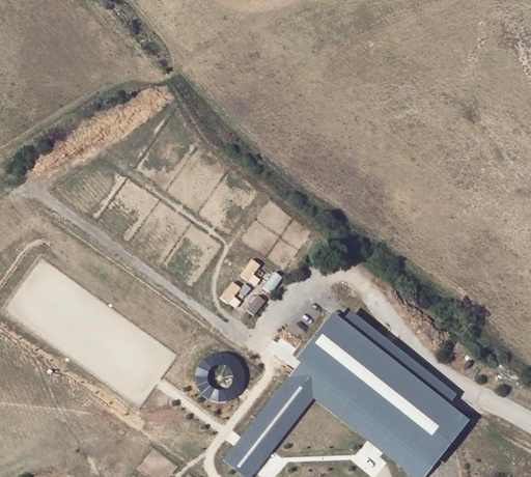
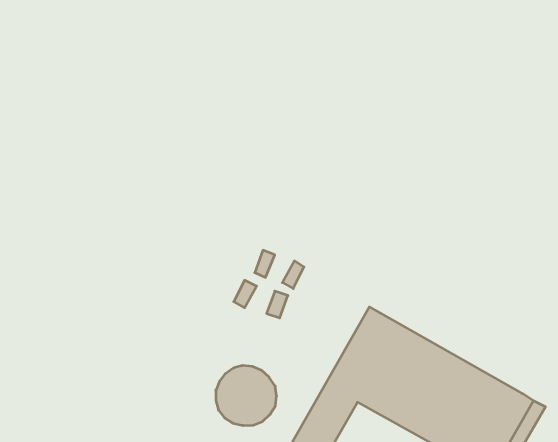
building: [340,313,458,409] -> none

